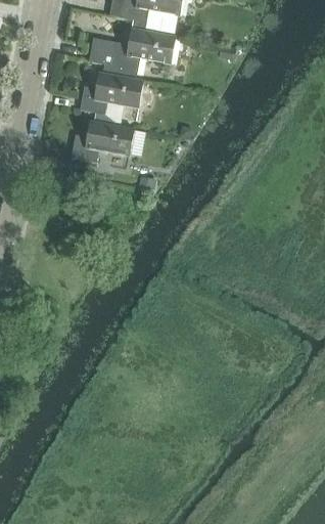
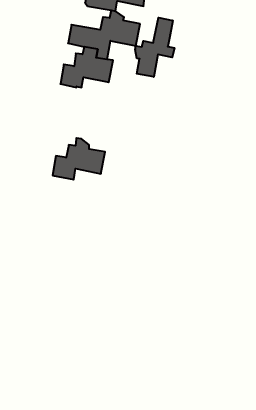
building: none -> [135,18,174,77]
building: [69,112,133,162] -> [53,138,105,180]

